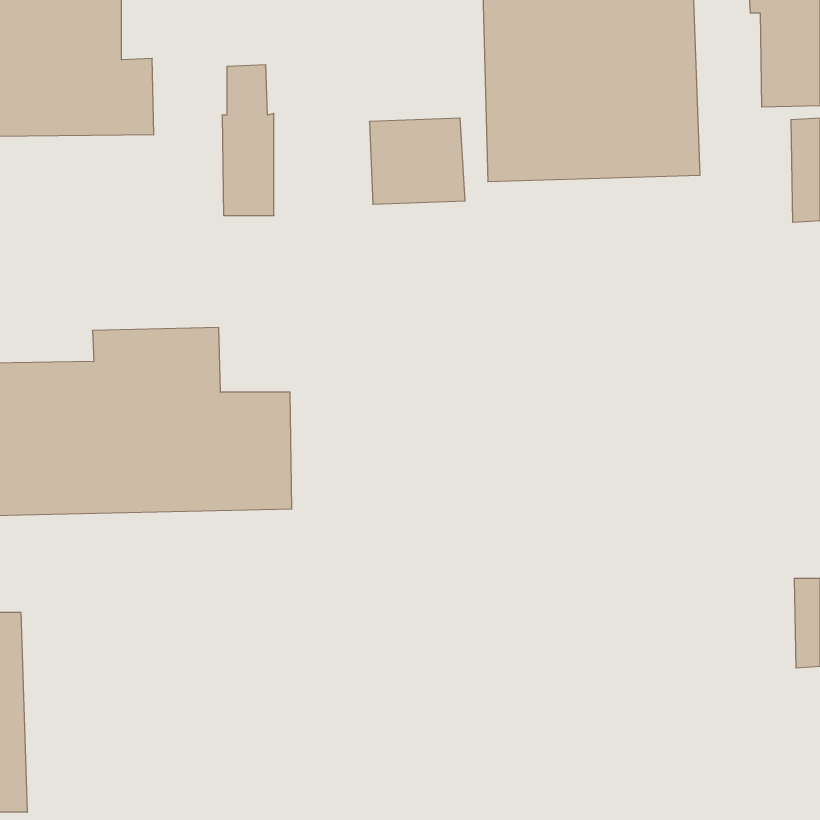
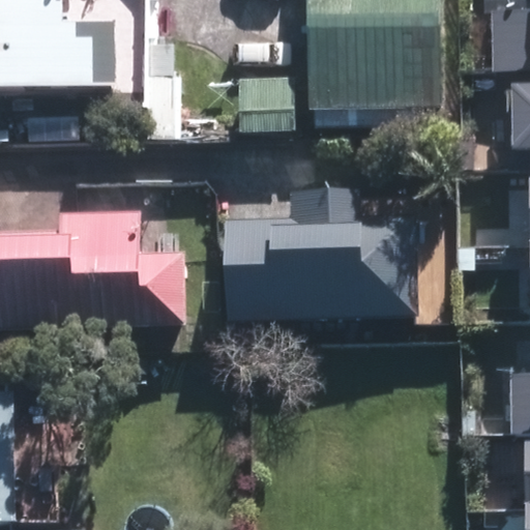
building: none -> [226,190,415,320]

